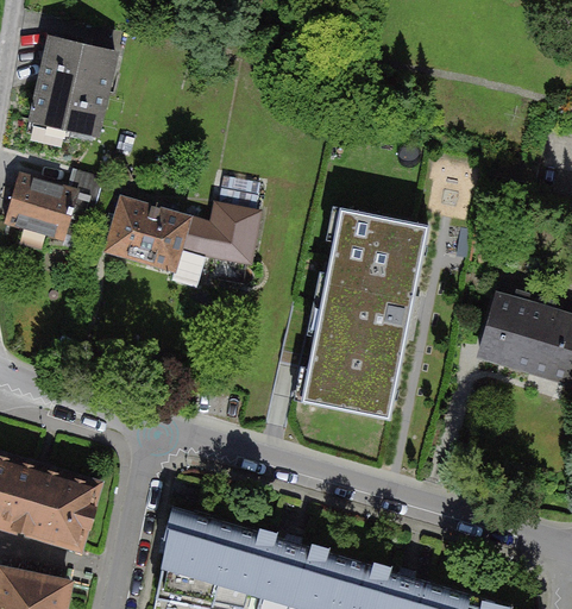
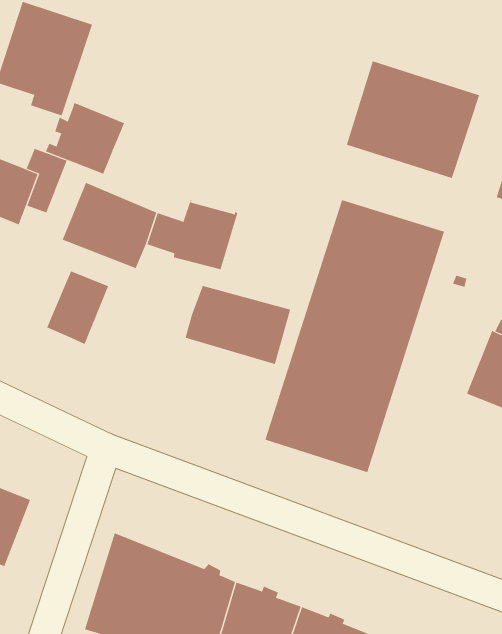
building: none -> [346,60,480,179]
building: none -> [45,102,125,175]
building: none -> [47,271,109,345]
building: none -> [185,285,291,365]

